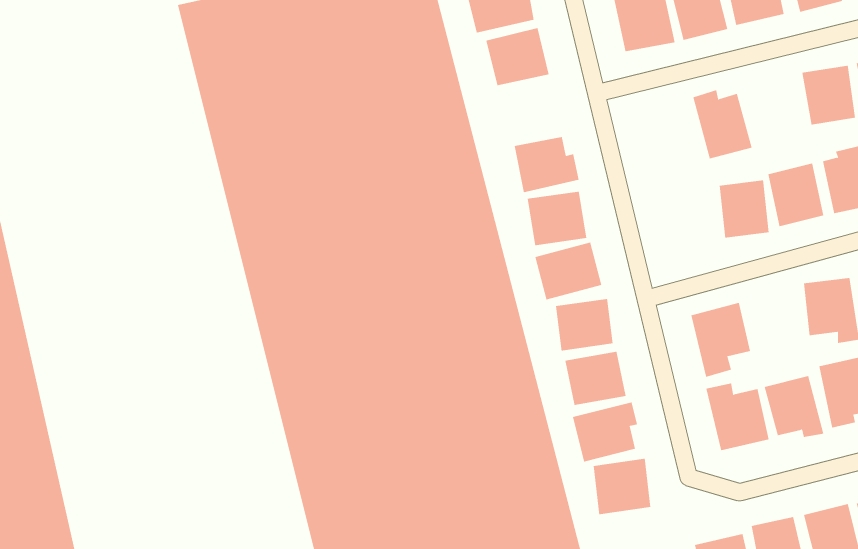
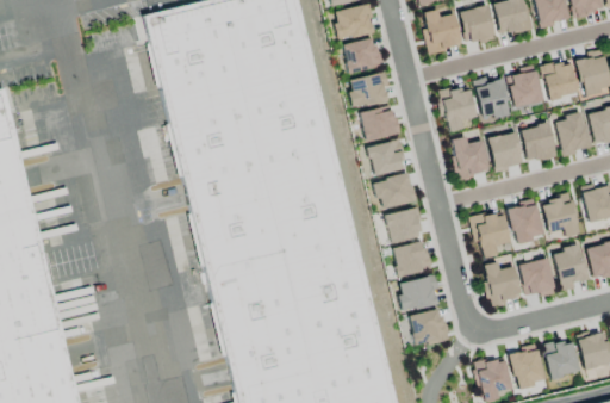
building: none -> [506,66,543,107]
building: none -> [348,72,390,110]
building: none -> [440,86,478,132]
building: none -> [452,137,490,179]
building: none -> [509,199,543,243]

